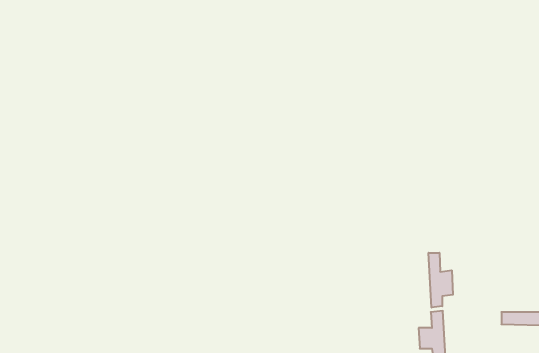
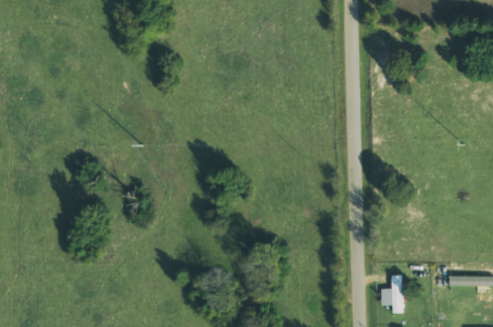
building: [429,253,453,308] -> none

